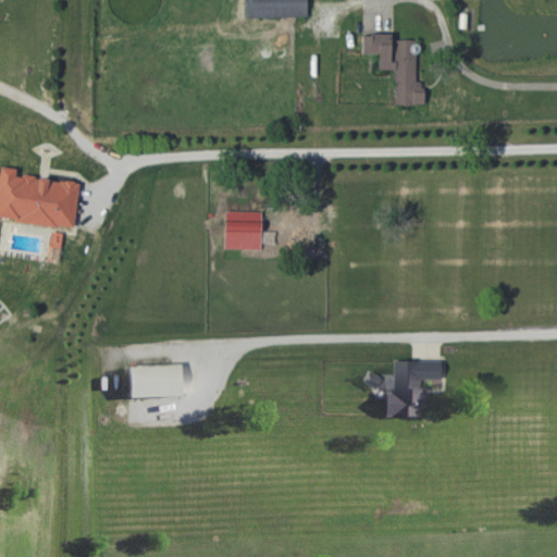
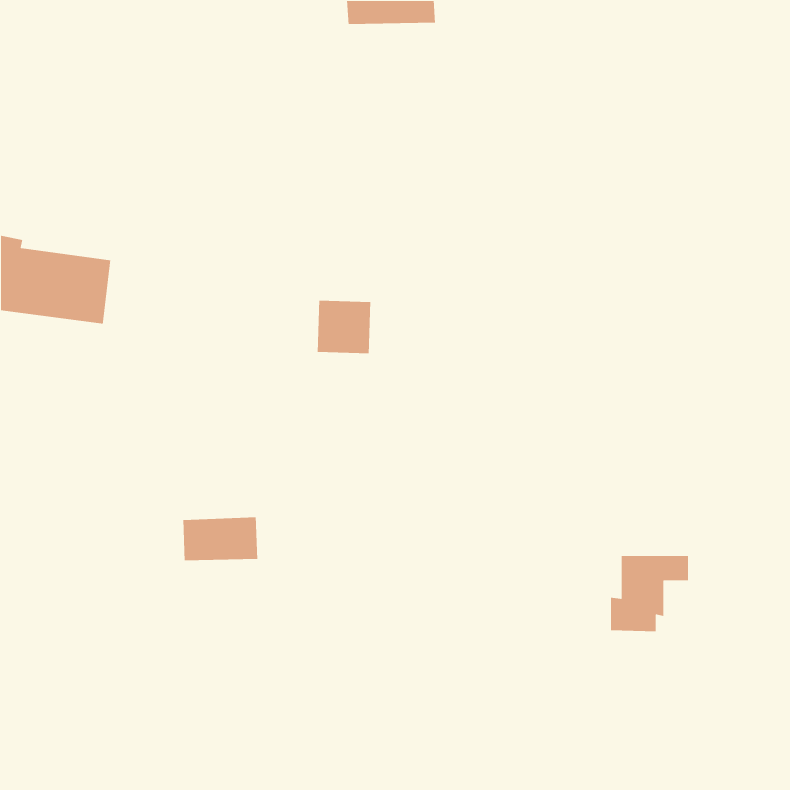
building: [361,34,423,104] -> none
building: [385,360,441,414] -> [610,555,689,632]

